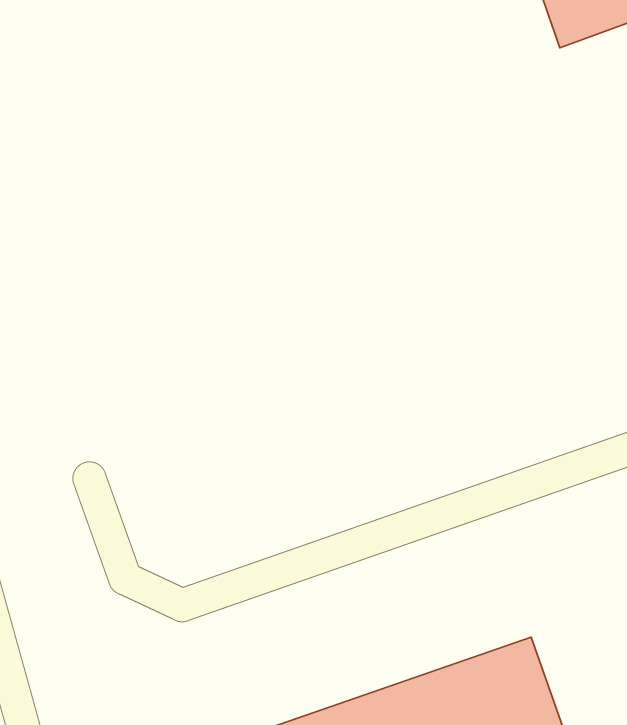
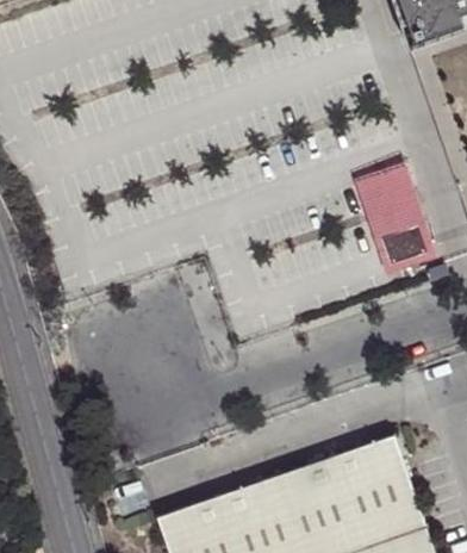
building: none -> [359,169,426,274]

